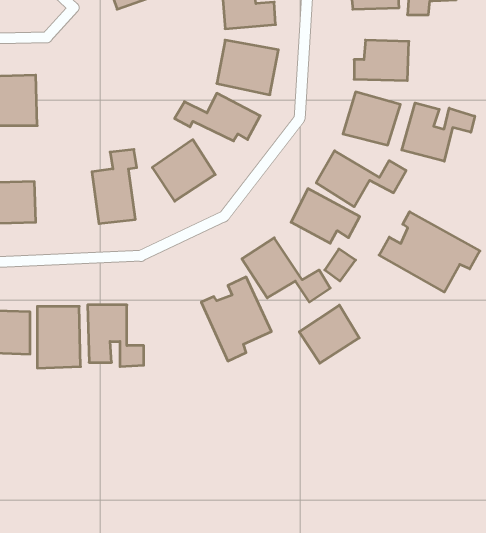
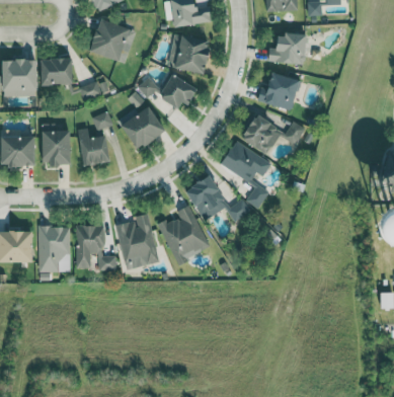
building: none -> [92,19,131,61]
building: none -> [41,59,107,101]
building: [402,103,475,161] -> none
building: none -> [42,131,72,165]
building: [379,212,480,292] -> none
building: none -> [114,214,157,267]
building: [299,305,359,363] -> none

